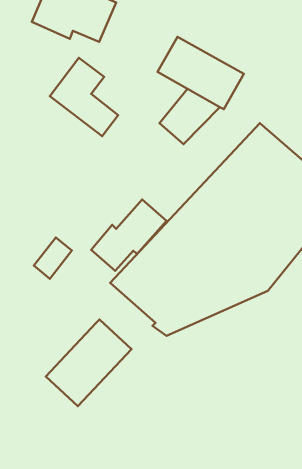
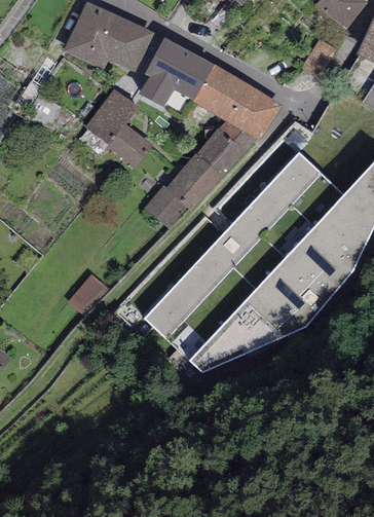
building: none -> [139,38,214,109]
building: [91,200,166,271] -> [143,154,220,227]
building: [46,320,131,406] -> none

